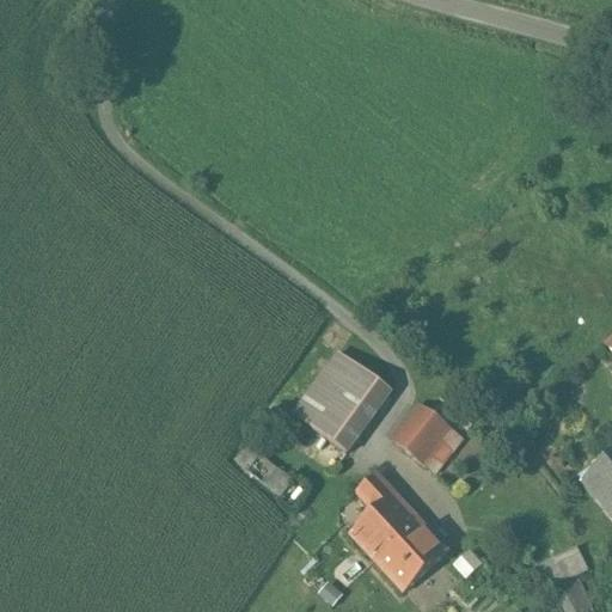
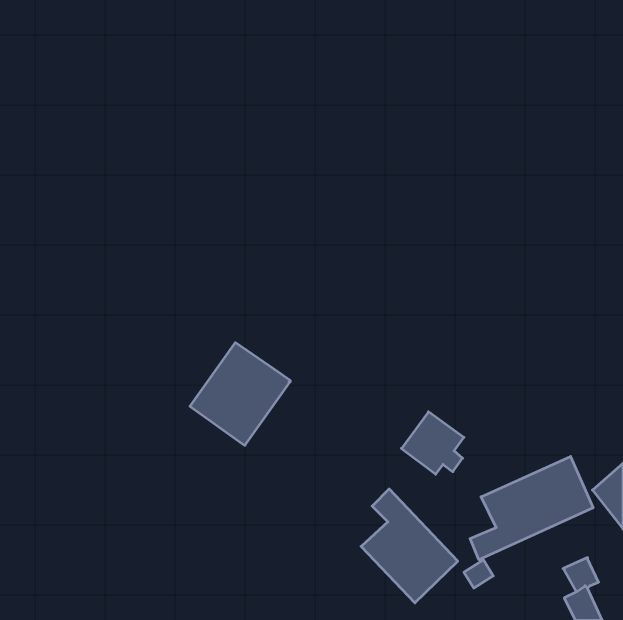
building: [292,351,390,452] -> [190,343,290,445]
building: none -> [470,456,593,560]

